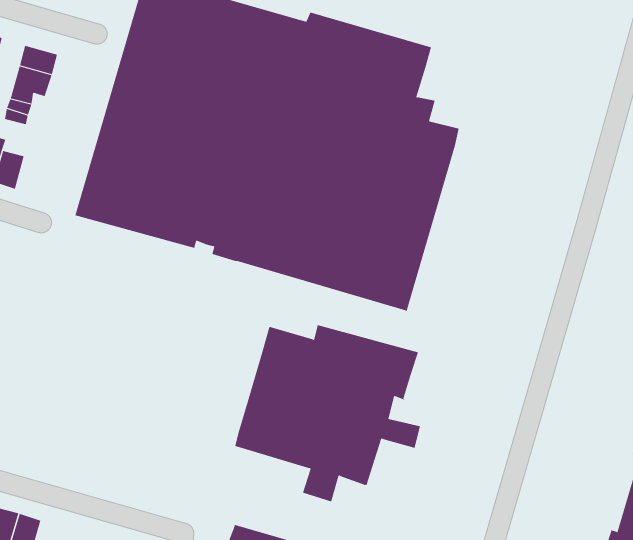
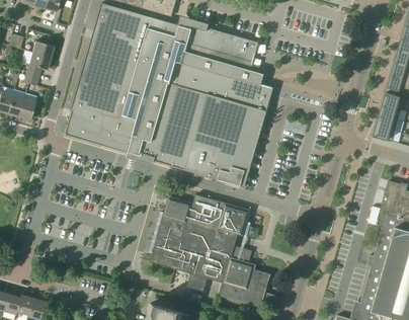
building: none -> [219,257,271,308]

